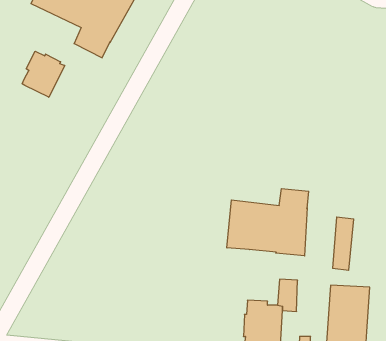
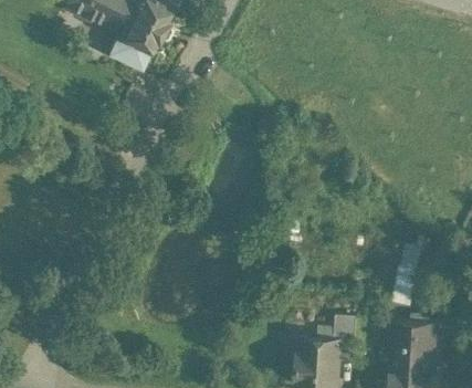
building: [22,51,65,97] -> none
building: [227,189,309,256] -> none

